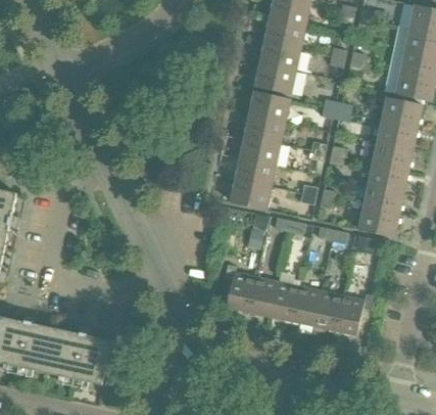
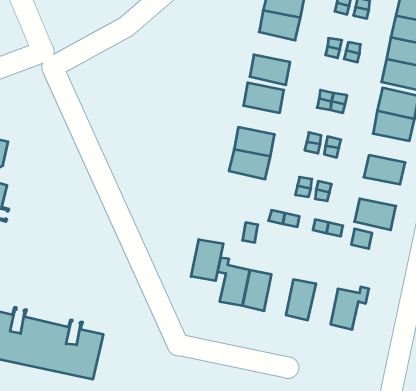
building: [259,41,300,71] -> none
building: [244,113,285,142] -> none
building: [373,141,413,170] -> none
building: [230,178,271,209] -> none
building: [364,184,403,213] -> none
building: none -> [191,239,223,281]
building: [270,280,298,320] -> none
building: [312,289,342,329] -> none

